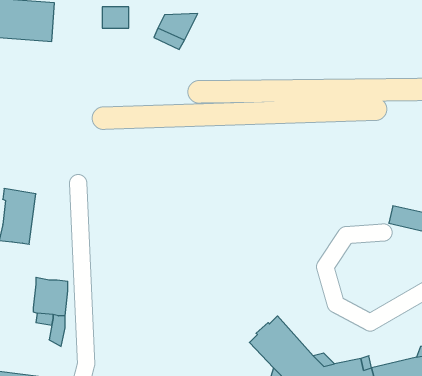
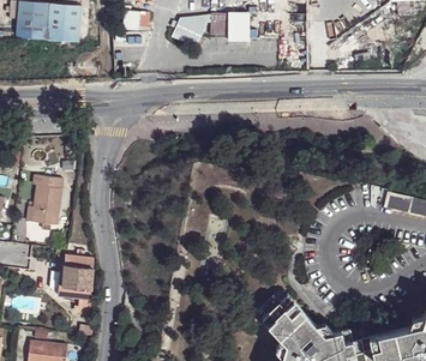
building: none -> [228,13,248,41]

